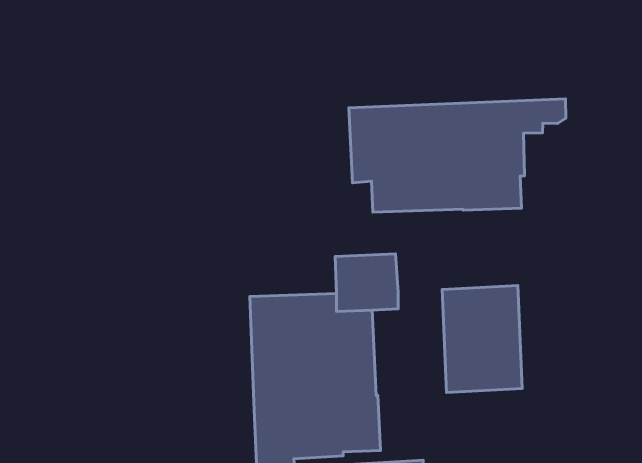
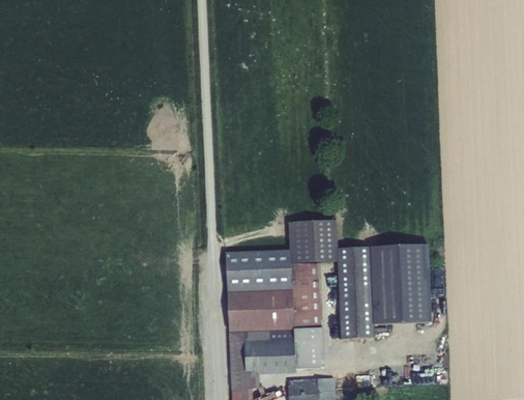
building: [349,99,566,212] -> none
building: none -> [337,247,374,339]

